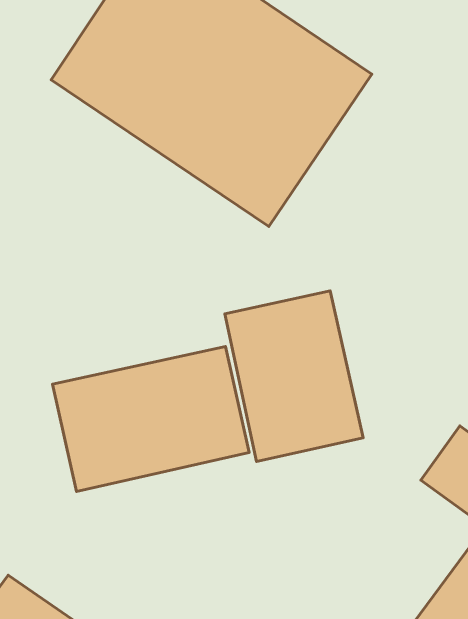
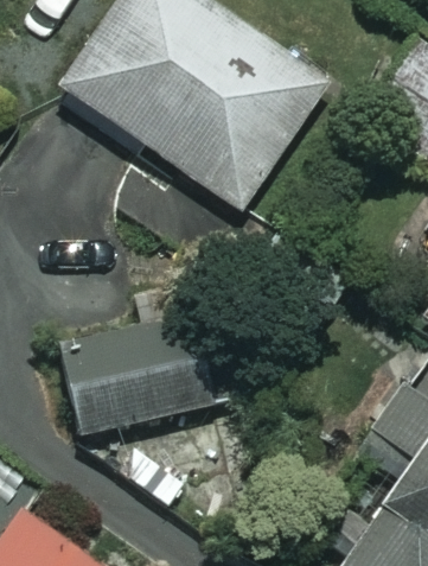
building: [225,291,363,461] -> none

